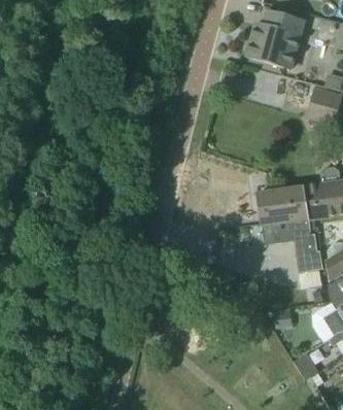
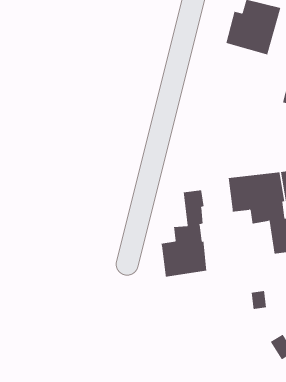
building: none -> [161,189,207,277]

